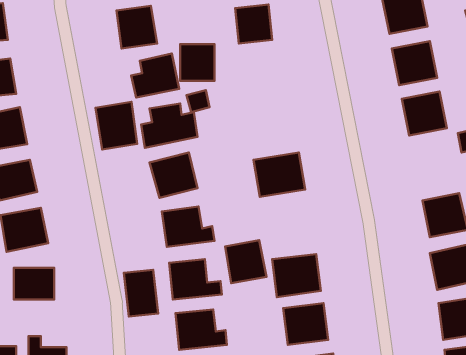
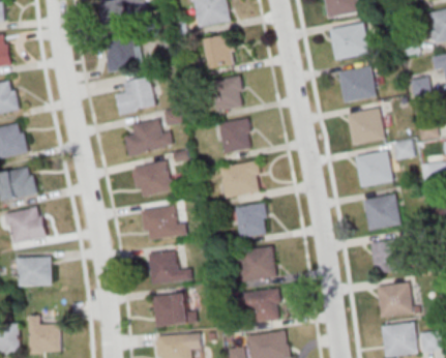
building: [180,44,215,81] -> [214,78,243,109]
building: [95,102,137,149] -> none
building: none -> [219,118,254,153]
building: none -> [353,151,391,188]
building: [225,240,267,283] -> [235,202,270,238]
building: [124,270,158,317] -> none

